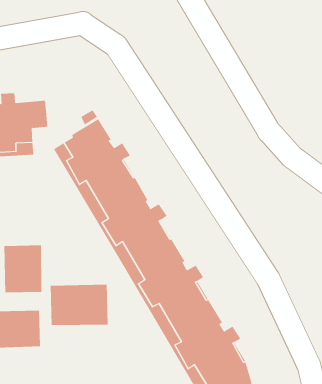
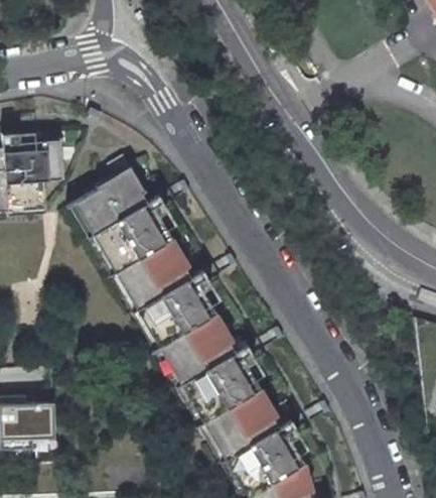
building: [4,245,42,293] -> none
building: [50,284,108,326] -> none

